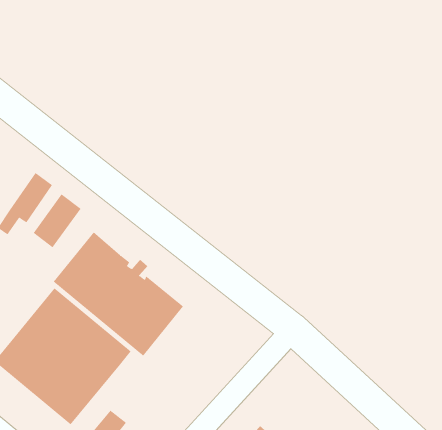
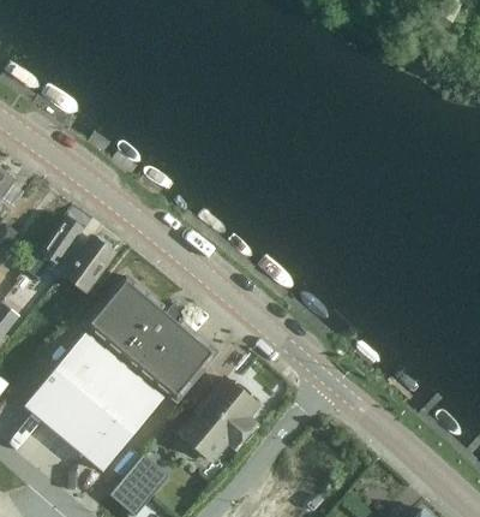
building: none -> [186,378,257,452]

